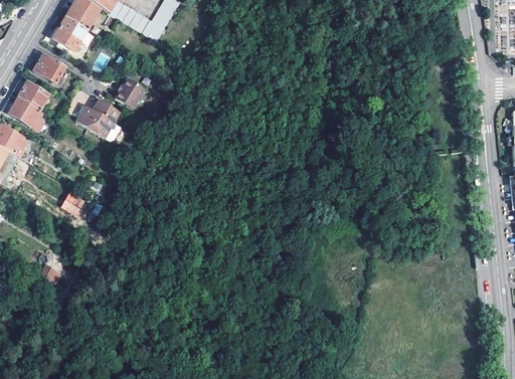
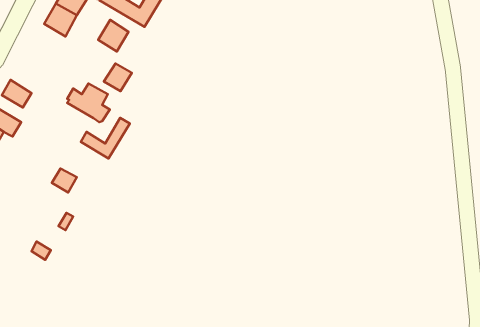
building: none -> [98,20,129,52]
building: [34,54,65,83] -> none
building: [18,81,50,111] -> none
building: none -> [81,118,130,158]

